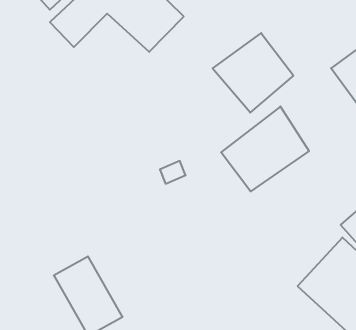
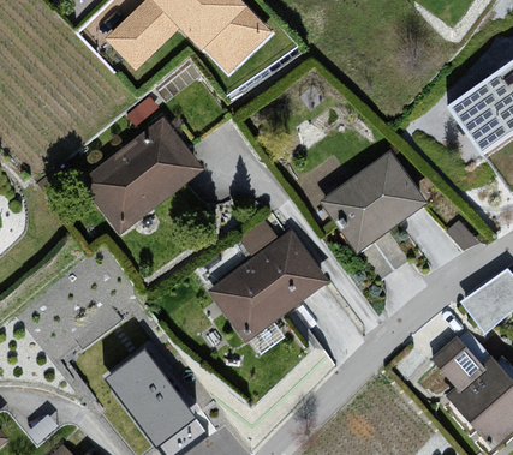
building: [213,33,293,113] -> none
building: none -> [80,124,203,234]
building: none -> [202,233,326,341]

